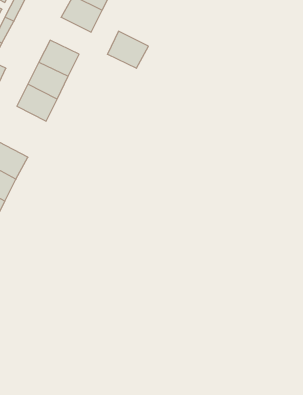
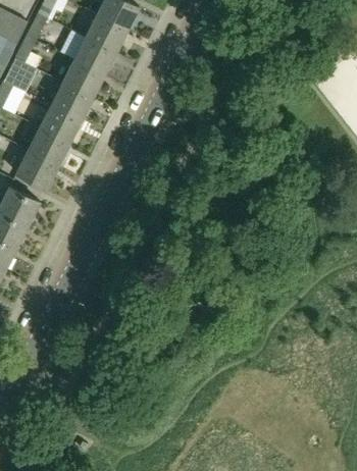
building: [107,31,148,68] -> [61,61,103,99]
building: none -> [15,152,57,190]

